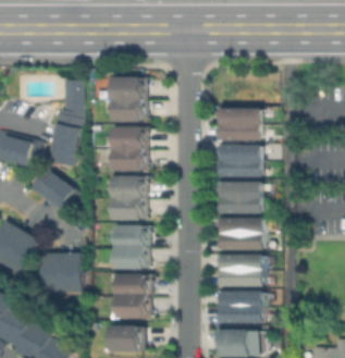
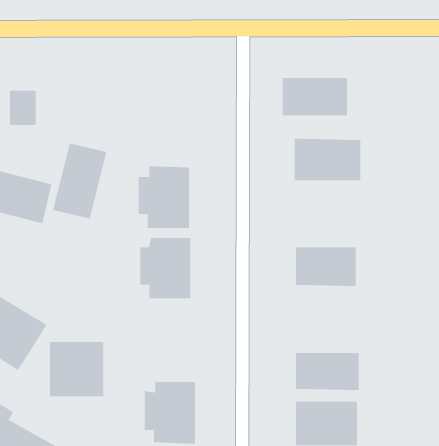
building: [103,76,144,119] -> none
building: [62,79,82,104] -> [9,90,37,125]
building: [215,148,262,175] -> [282,78,348,116]
building: [26,164,82,217] -> none
building: [217,220,262,252] -> none
building: [108,232,145,275] -> none

